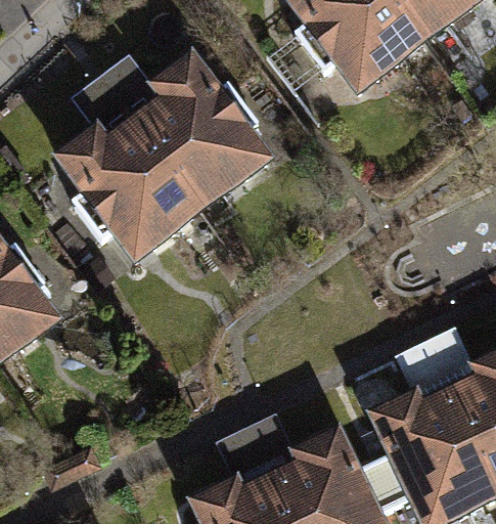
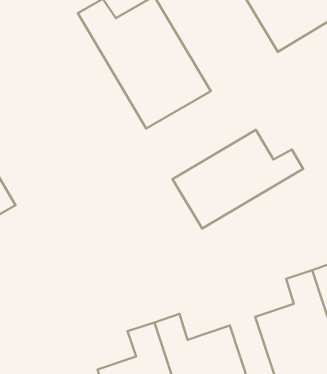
building: [57,78,209,259] -> none
building: none -> [172,130,303,228]

